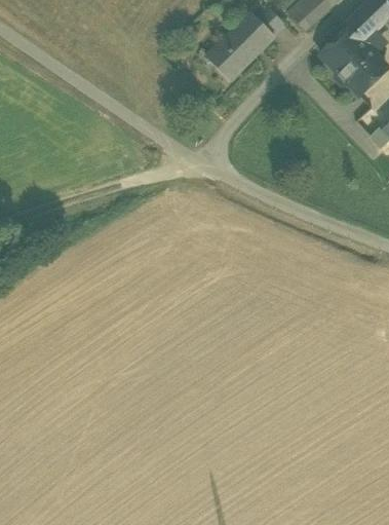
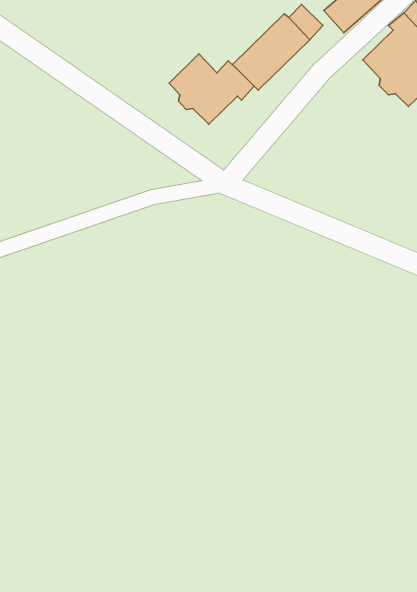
building: none -> [169,54,254,124]

